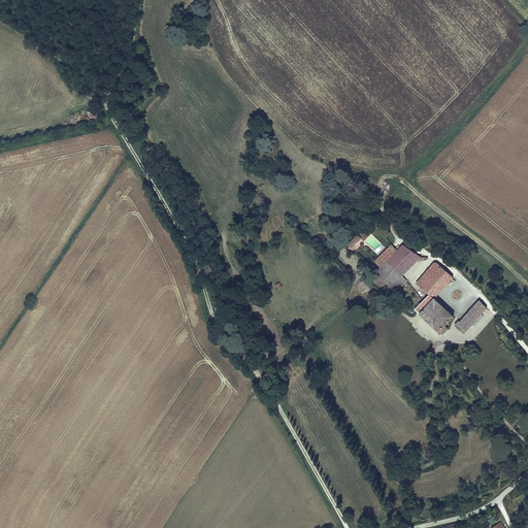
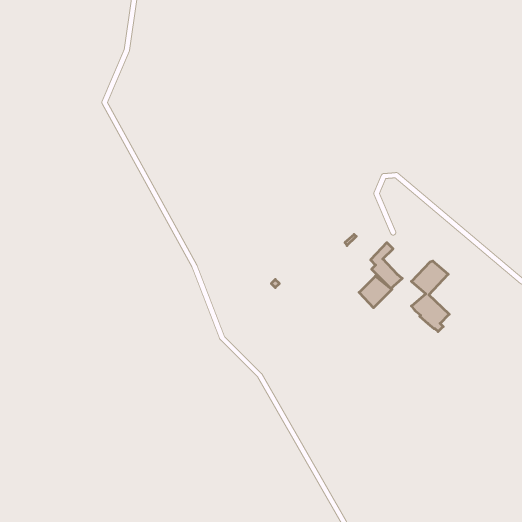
building: [386,244,419,276] -> [359,276,392,308]
building: [453,299,486,333] -> none

